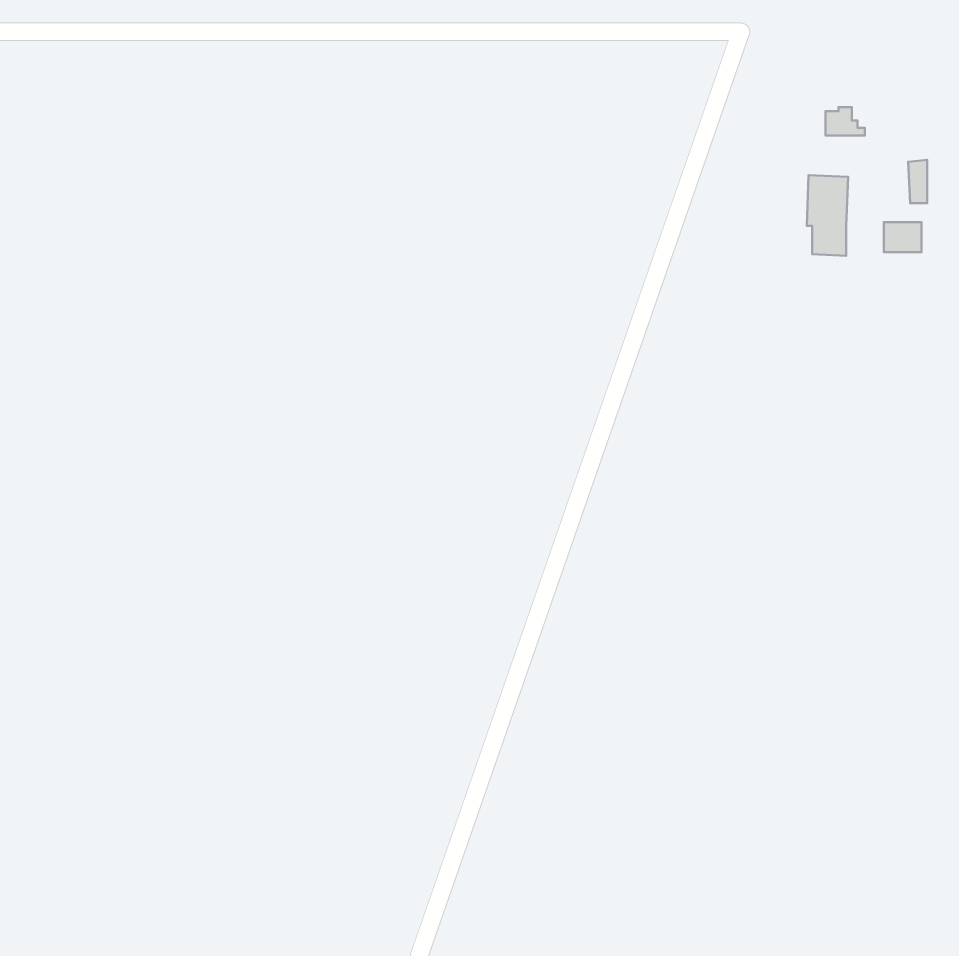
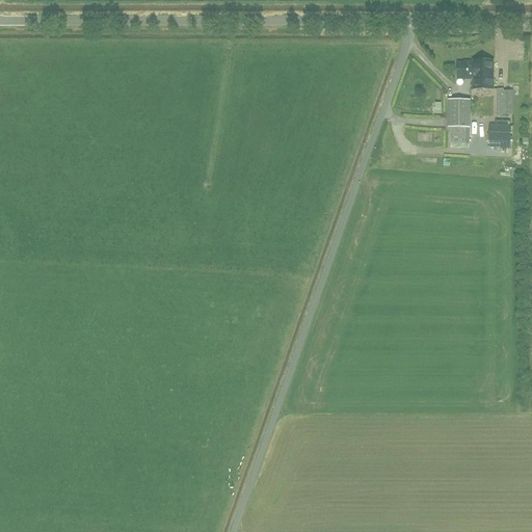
building: none -> [471,57,491,87]

